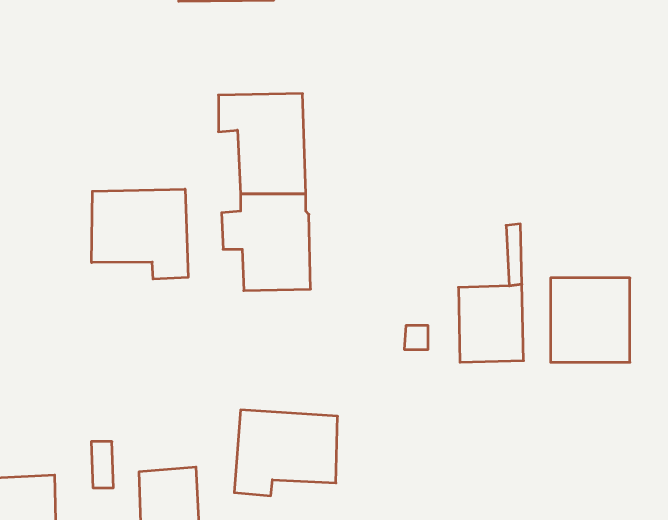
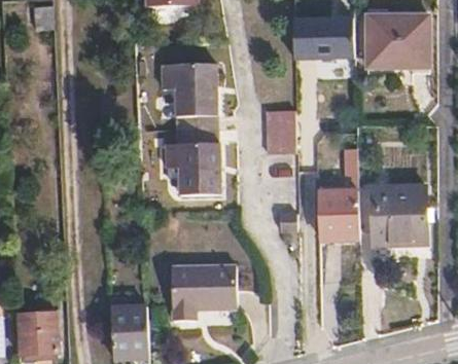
building: none -> [293,15,354,58]
building: none -> [365,15,427,66]
building: none -> [267,109,295,149]
building: [92,189,188,279] -> none

